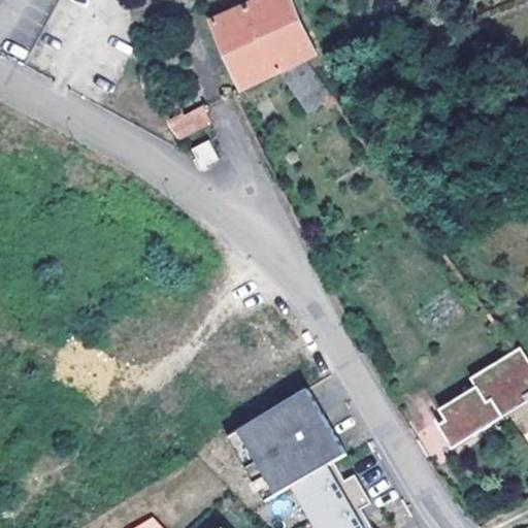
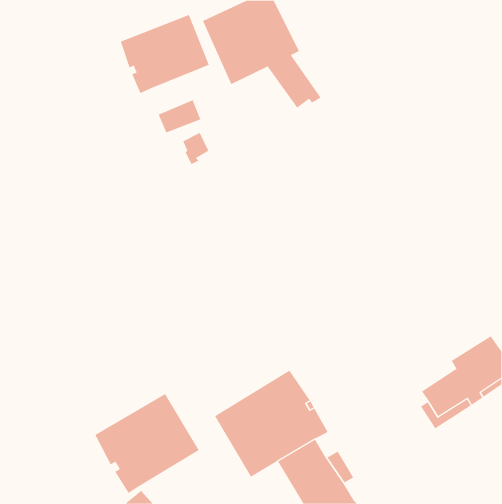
building: none -> [120,14,210,94]
building: none -> [94,393,199,494]

